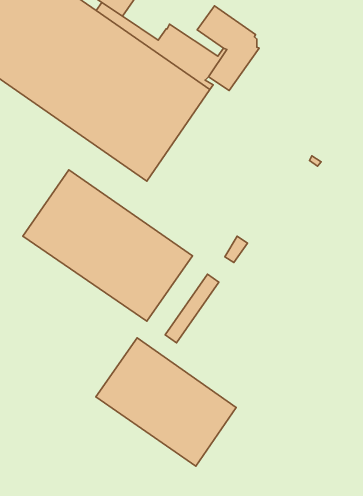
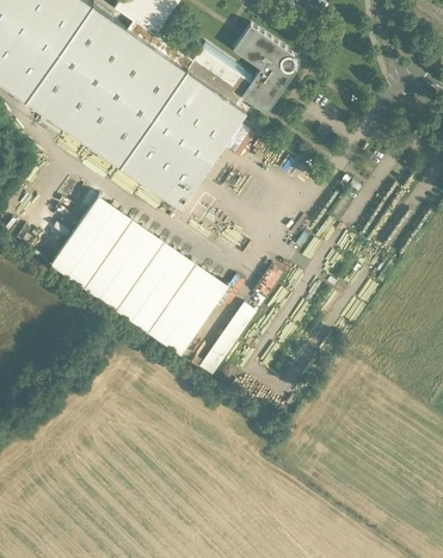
building: [96,338,236,466] -> none

